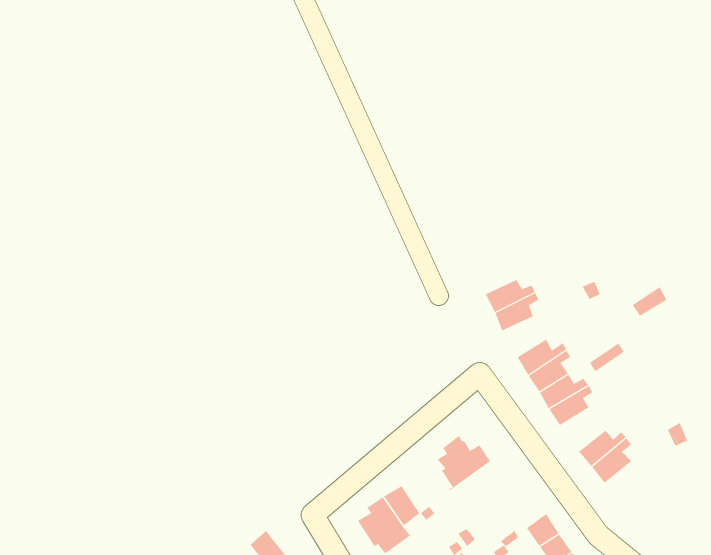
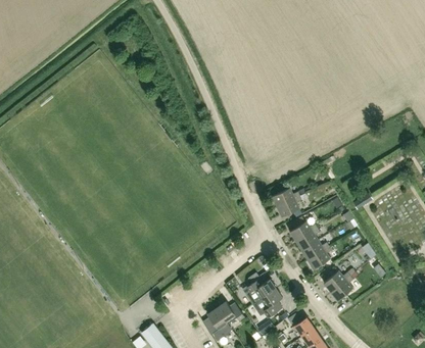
building: none -> [254,289,283,318]

